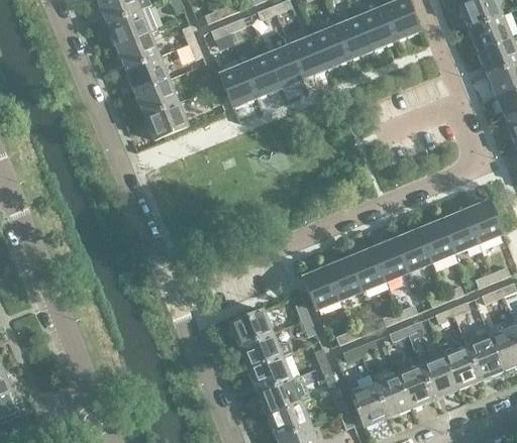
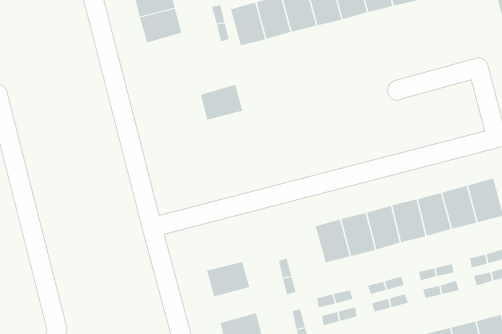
building: [144,101,187,138] -> [200,84,243,120]
building: [302,266,340,310] -> none
building: [239,332,282,369] -> none

